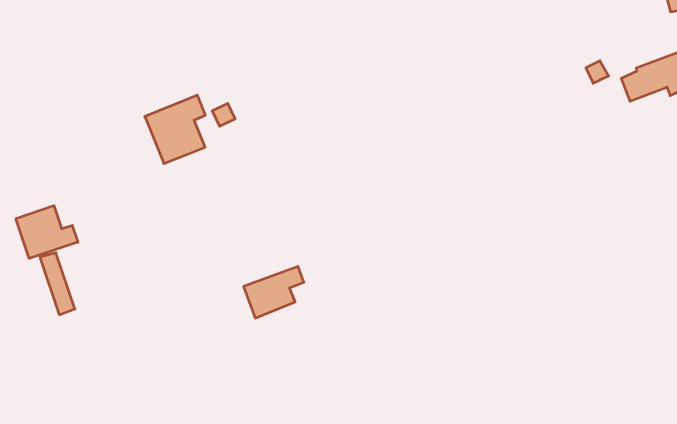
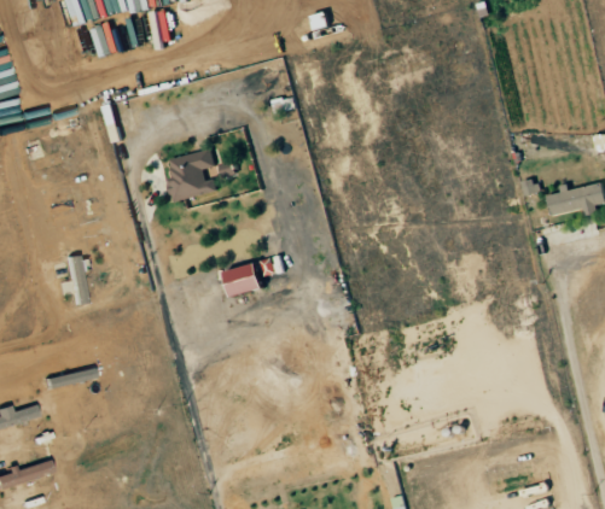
building: [16,206,78,258] -> none
building: [244,266,304,318] -> [228,261,277,296]

